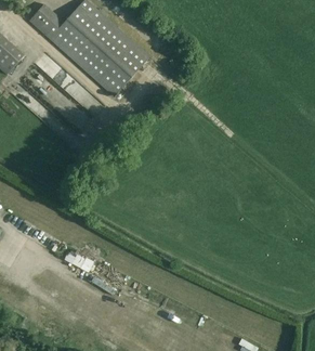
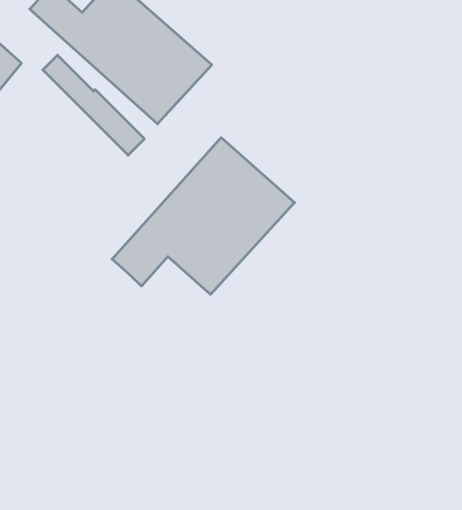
building: none -> [112,138,295,294]

